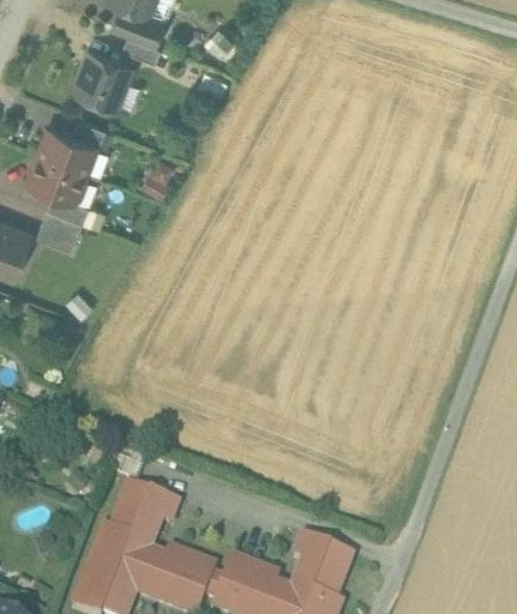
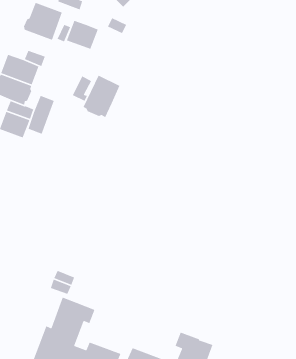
building: none -> [66,20,99,50]
building: none -> [83,75,120,119]
building: none -> [27,95,55,135]

